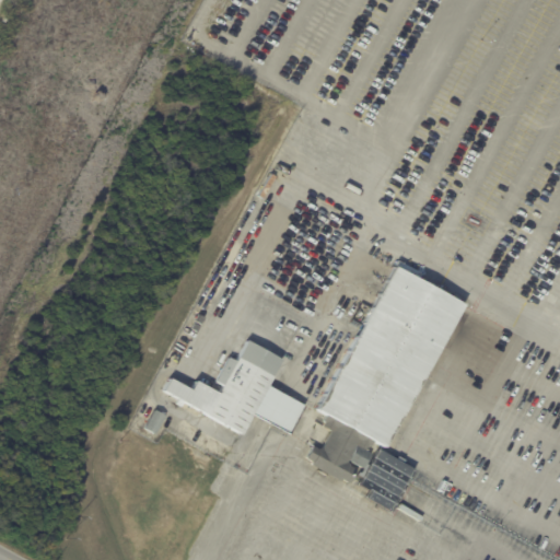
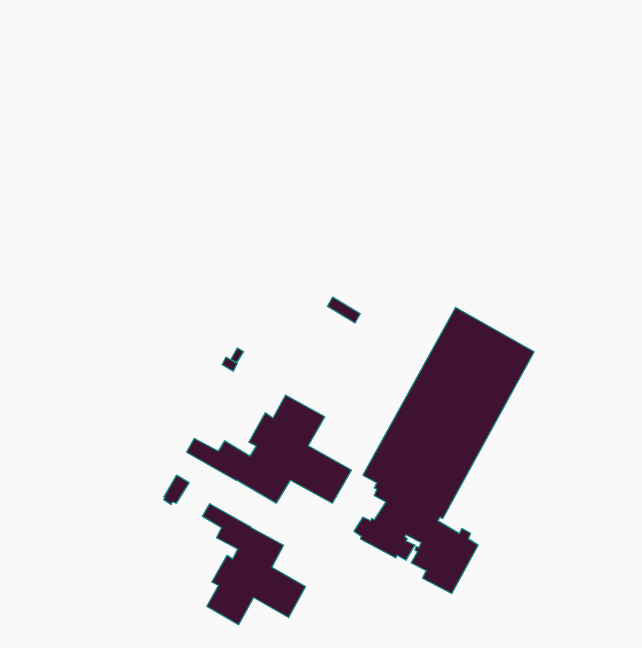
building: none -> [203,504,306,625]

